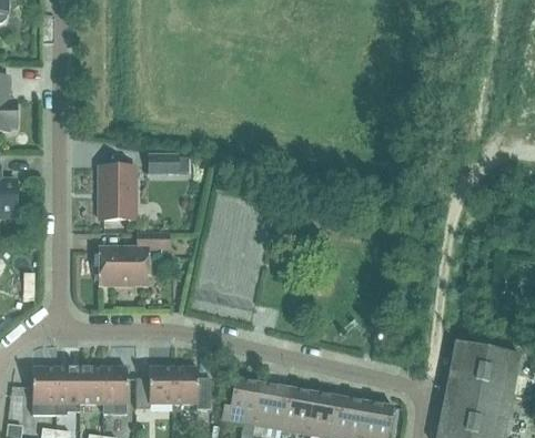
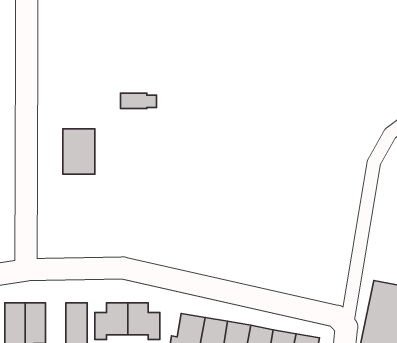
building: [148,155,189,173] -> [121,93,156,109]
building: [99,233,169,285] -> none
building: [79,367,102,404] -> none

